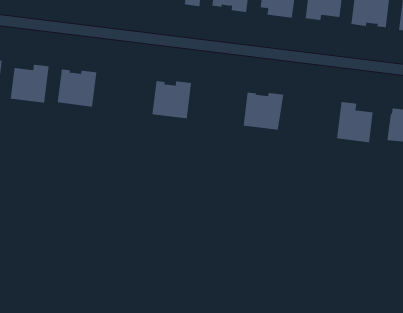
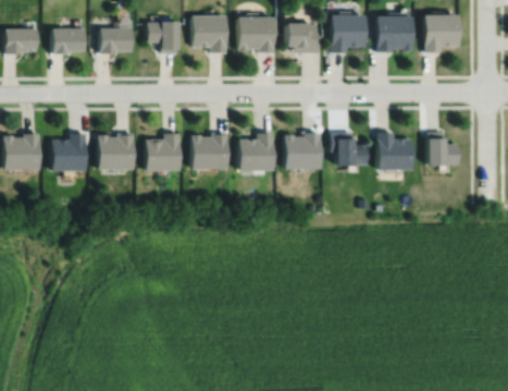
building: none -> [146,132,181,169]
building: none -> [238,131,273,168]
building: none -> [330,131,367,163]

